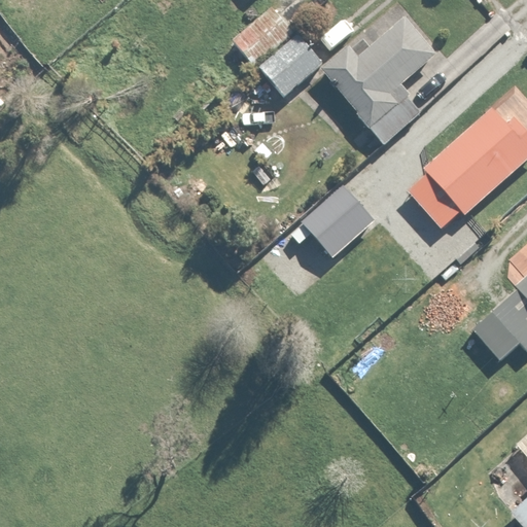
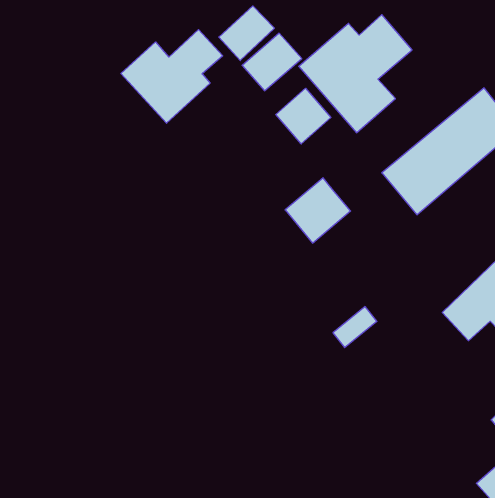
building: none -> [121,30,223,123]
building: none -> [276,88,331,144]

